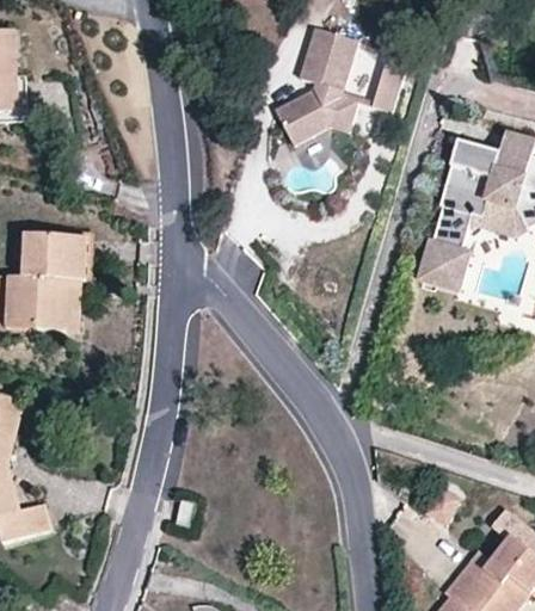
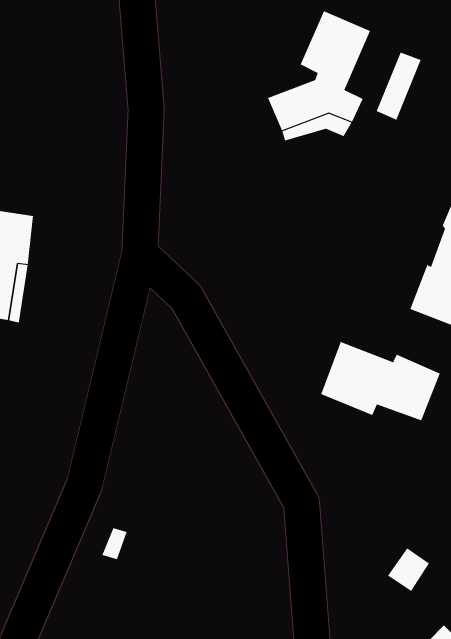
building: none -> [320,341,440,421]

